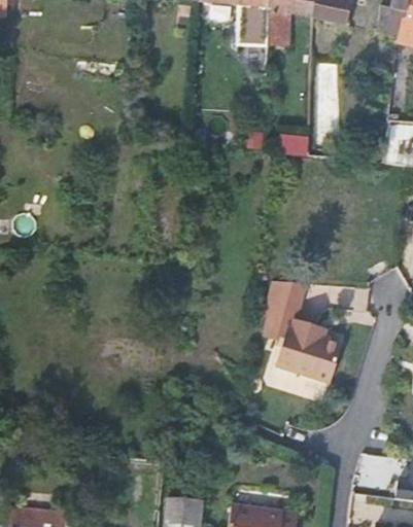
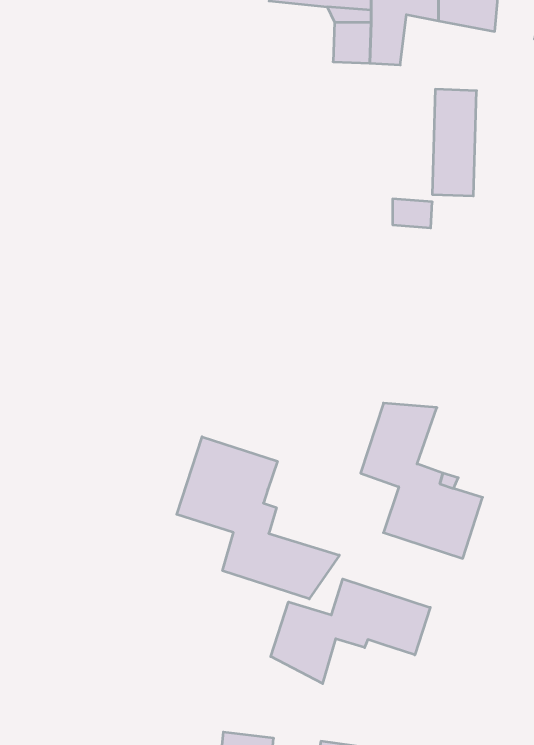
building: none -> [177,437,339,599]
building: none -> [271,579,430,684]

